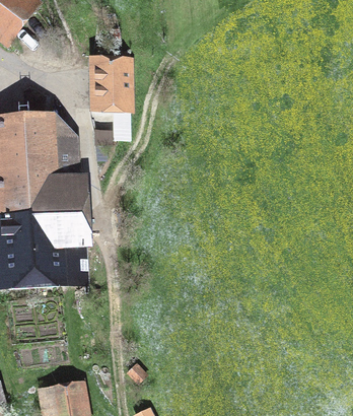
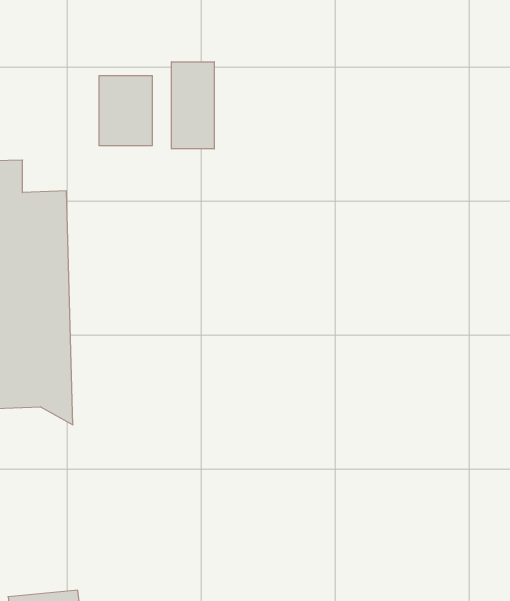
building: none -> [172,62,214,149]

